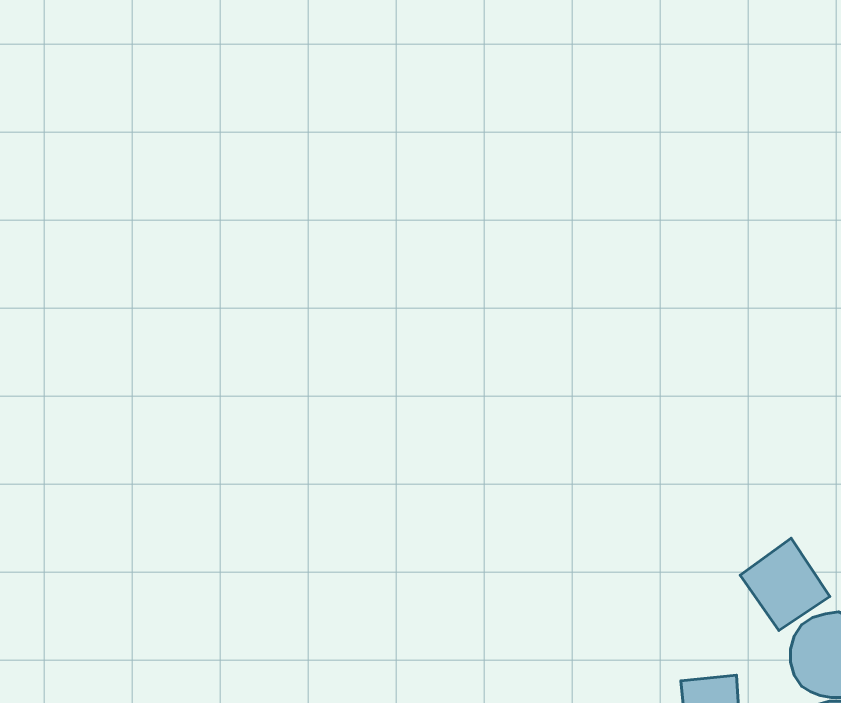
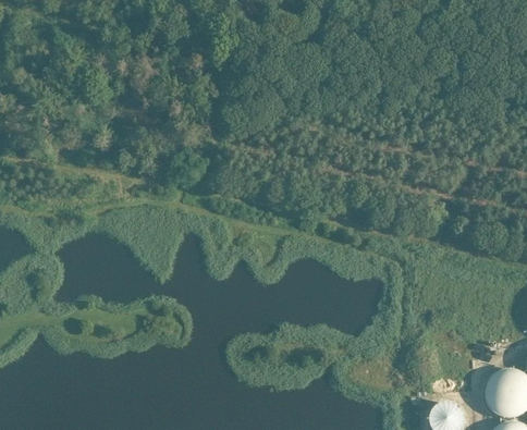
building: [740,538,830,631] -> none

